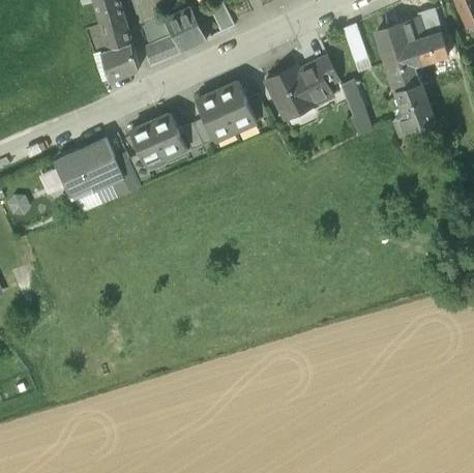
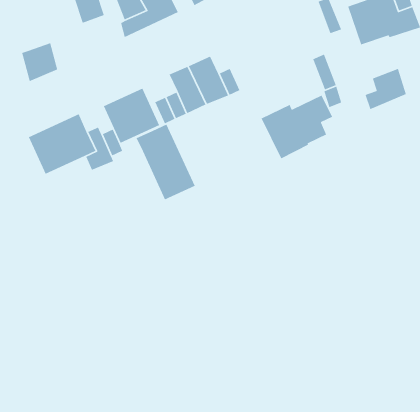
building: [100,41,138,82] -> [21,42,58,82]
building: [265,56,338,121] -> [260,95,333,159]
building: [389,62,426,105] -> none
building: none -> [136,123,196,201]

